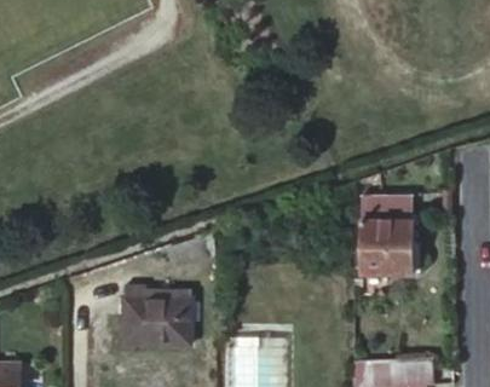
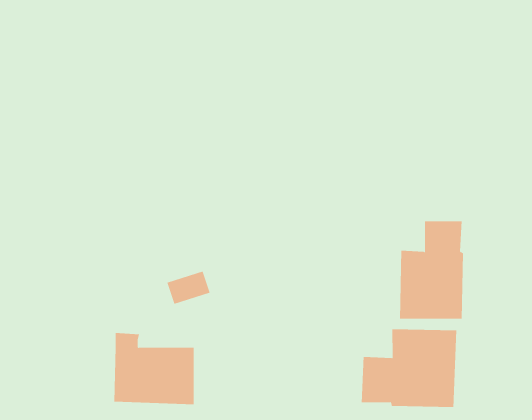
building: none -> [361,329,457,408]

